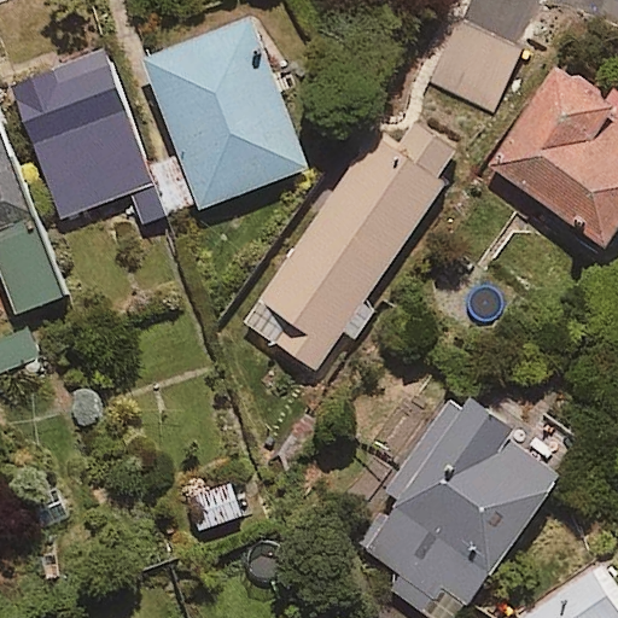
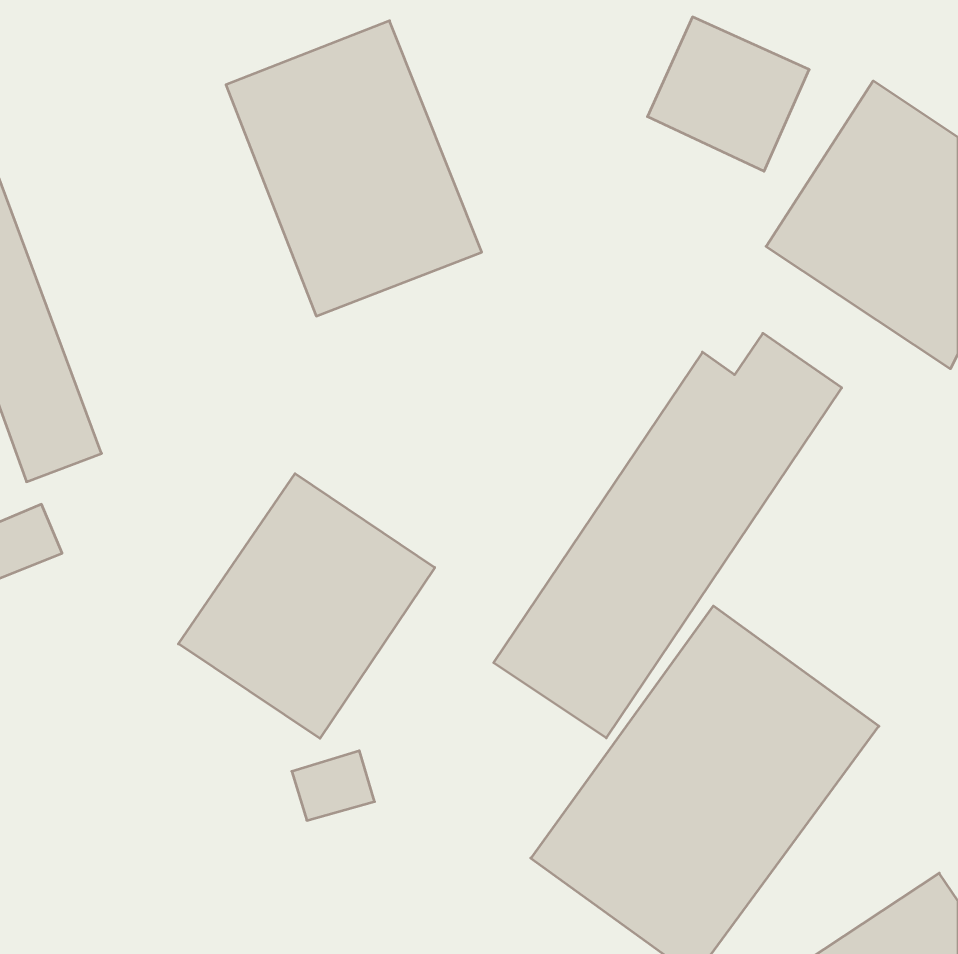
building: [11,49,163,223] -> none
building: [244,113,467,373] -> [494,333,842,738]
building: none -> [178,474,435,738]

